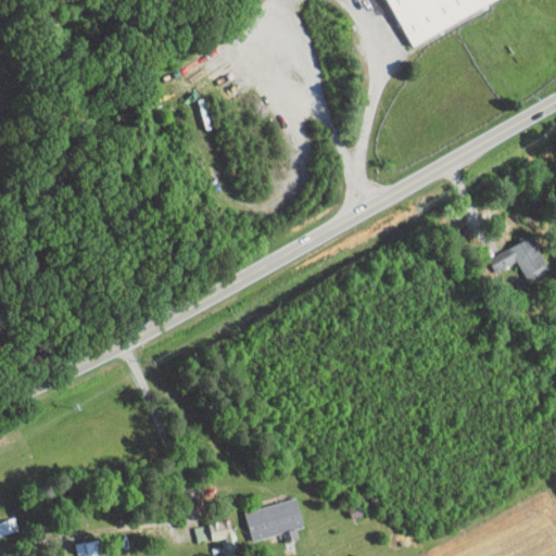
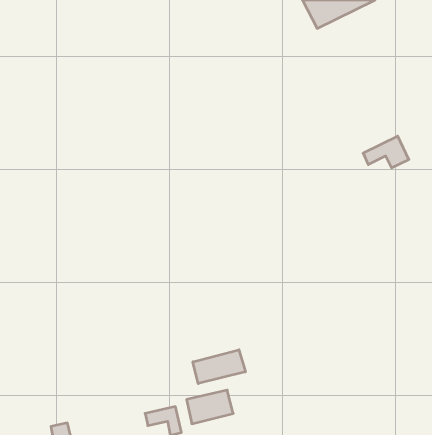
building: [489,237,546,277] -> [363,136,409,168]
building: none -> [193,350,245,384]

